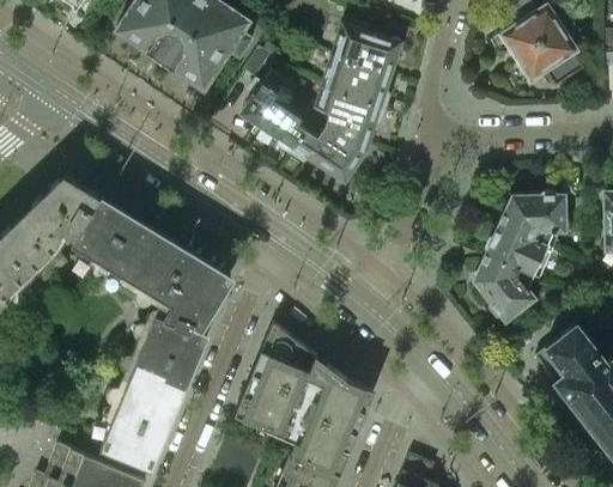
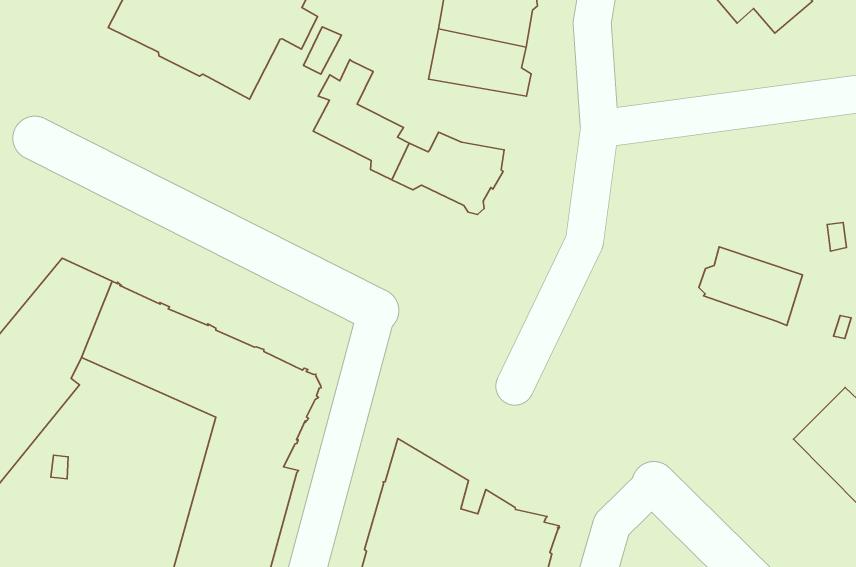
building: [317,90,387,142] -> none
building: [502,193,571,249] -> none
building: [475,255,540,321] -> none

